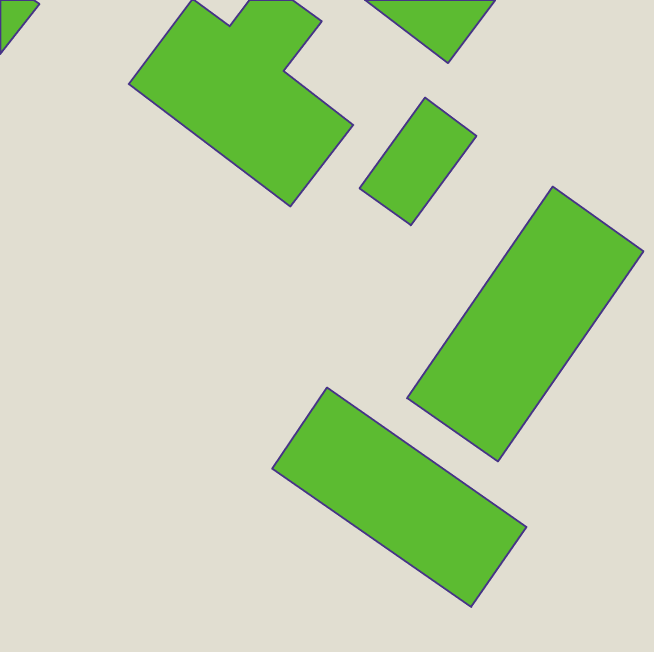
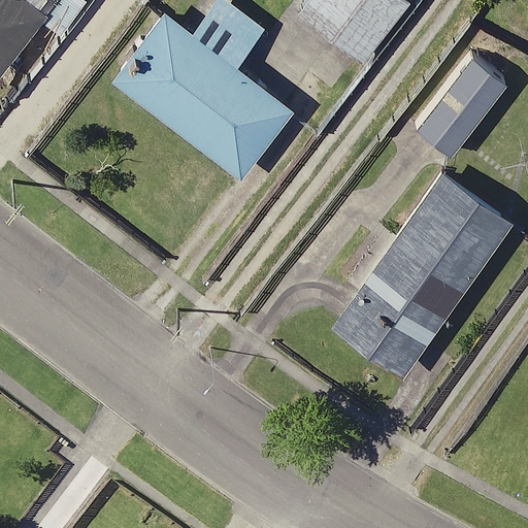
building: [360,98,476,225] -> [414,58,505,158]
building: [272,388,526,607] -> none

